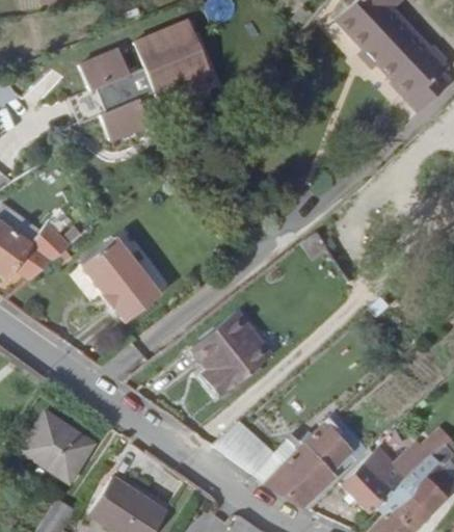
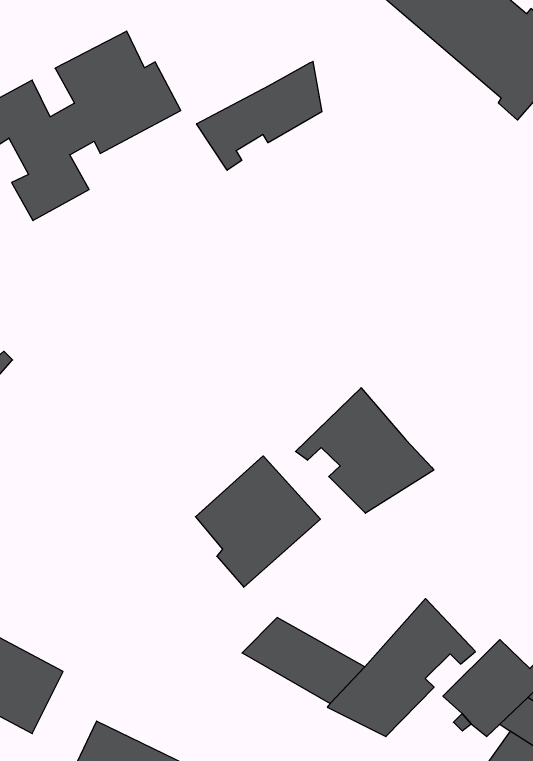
building: none -> [197,61,322,170]
building: [82,238,159,321] -> none
building: none -> [296,388,434,513]

